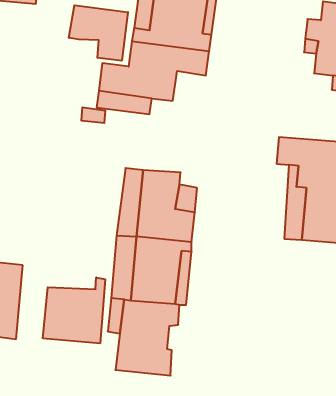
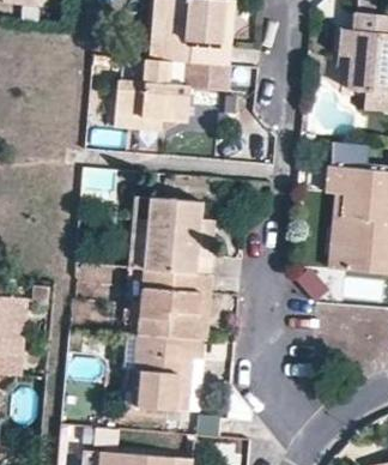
building: [69,5,128,61] -> none
building: [43,277,105,343] -> none

